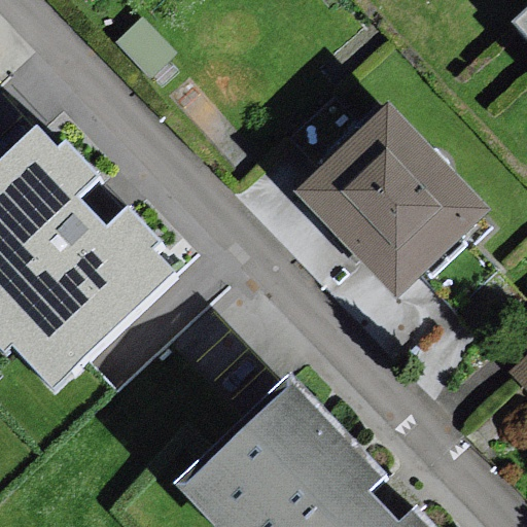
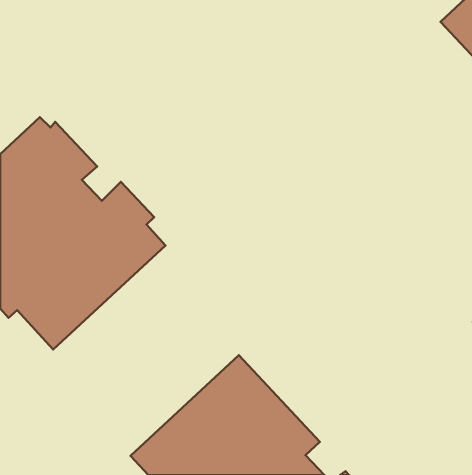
building: [295,113,480,298] -> none

